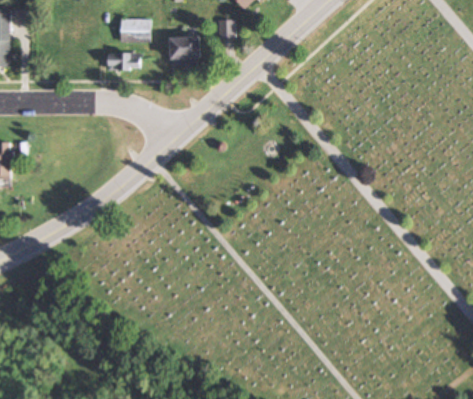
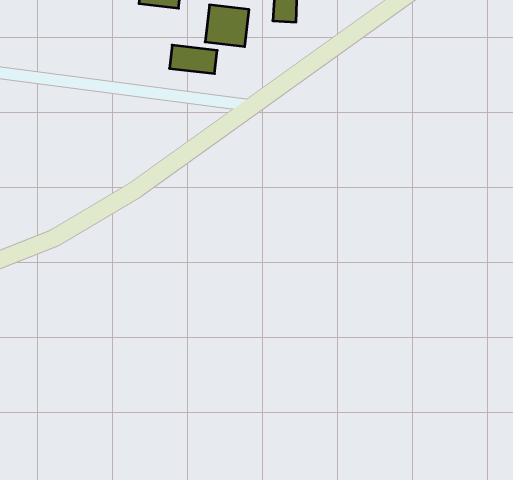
building: [106,51,139,68] -> [169,45,217,74]

